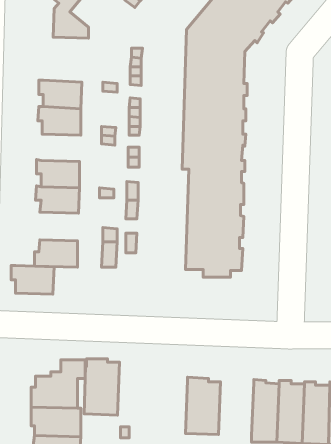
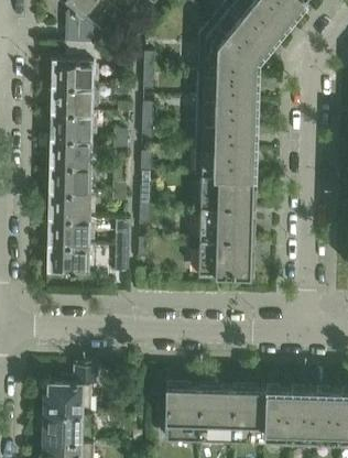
building: none -> [52,44,101,89]
building: none -> [51,141,94,168]
building: [11,266,54,294] -> [48,219,91,248]
building: [84,359,120,415] -> [165,384,200,440]
building: none -> [231,385,267,443]

